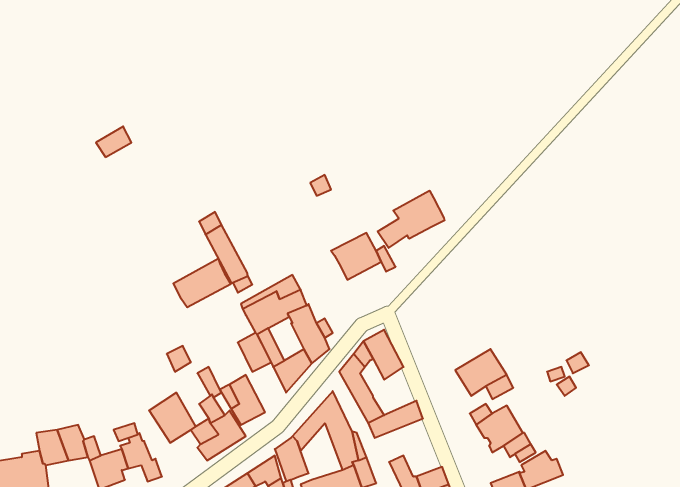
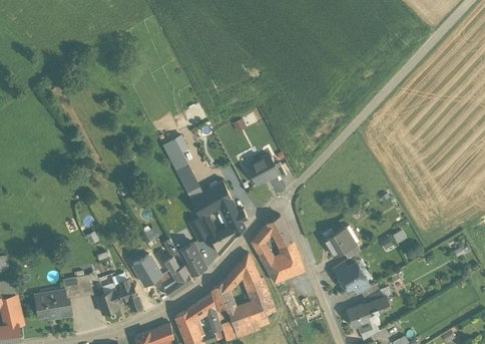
building: [378,191,445,248] -> none
building: [173,259,231,307] -> none
building: none -> [273,239,300,269]

